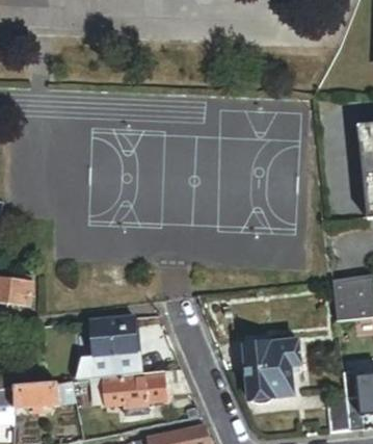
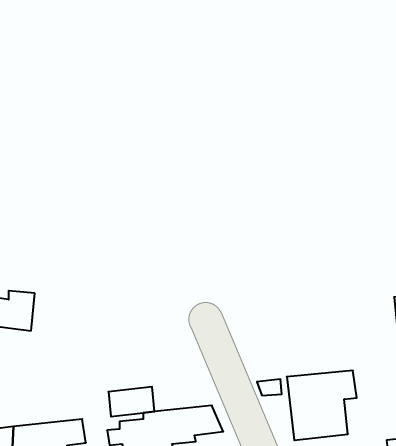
building: [91,316,137,358] -> none

